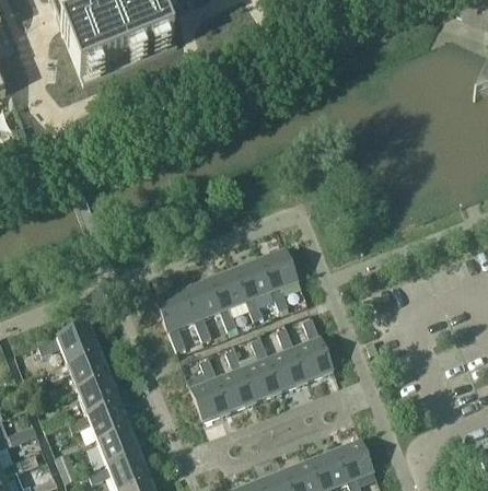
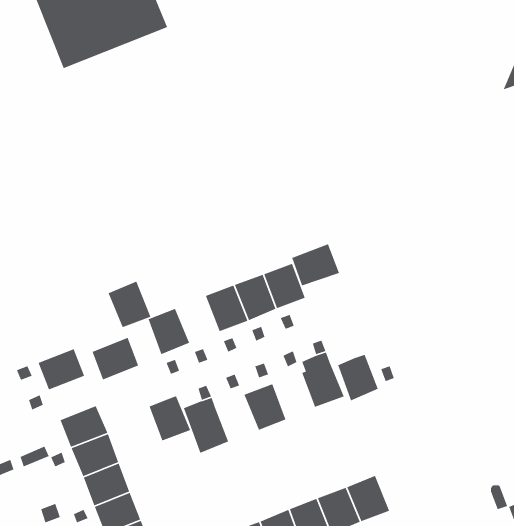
building: none -> [291,243,340,286]
building: [182,278,221,320] -> [108,281,151,328]
building: [269,347,306,389] -> [337,354,379,401]
building: [68,350,111,389] -> [92,337,139,381]
building: [218,367,256,409] -> [149,395,191,442]

